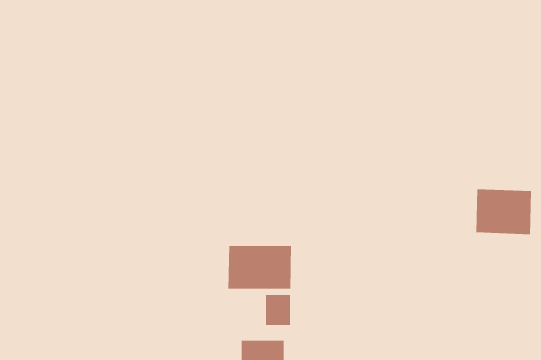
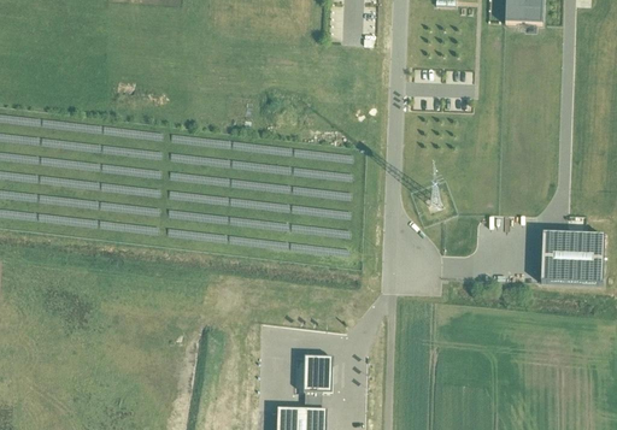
building: [228,245,291,290] -> none

